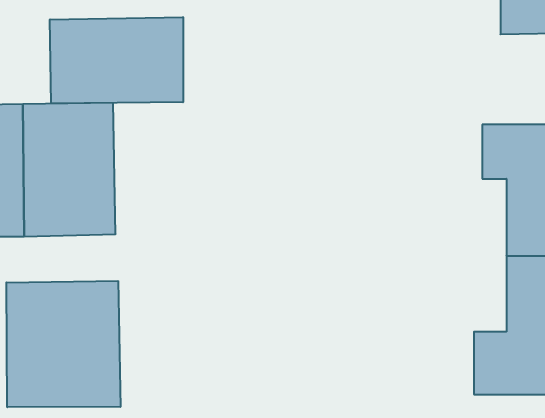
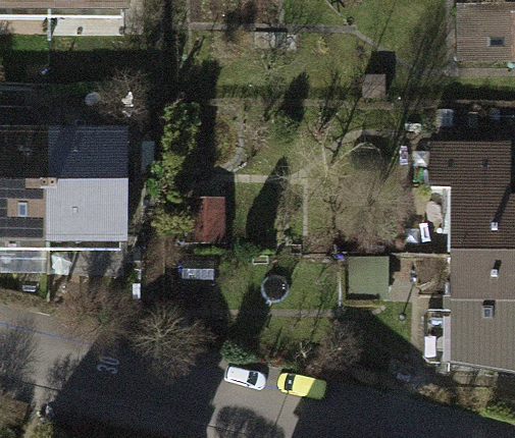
building: [50,17,183,103] -> none
building: [6,281,120,407] -> none

